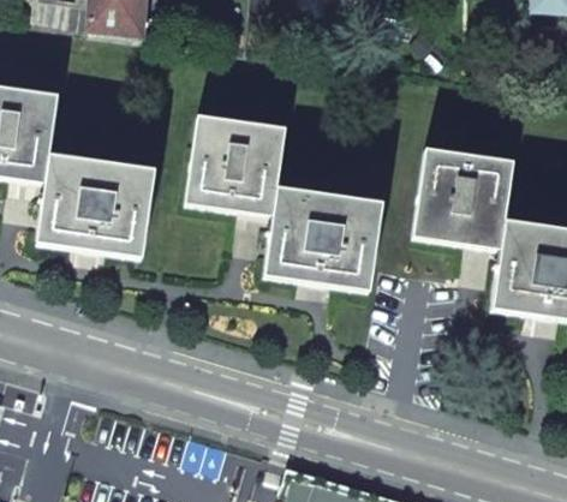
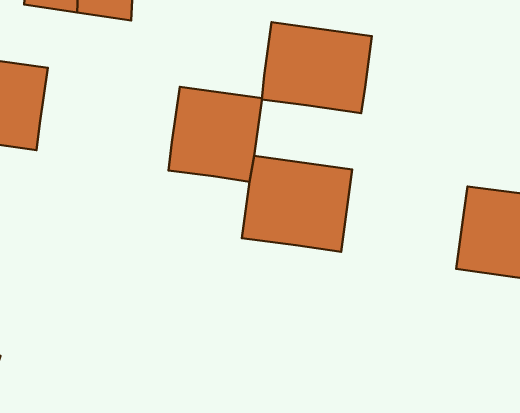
building: none -> [262,22,372,113]
building: [413,148,513,249] -> none
building: [37,154,155,257] -> none

